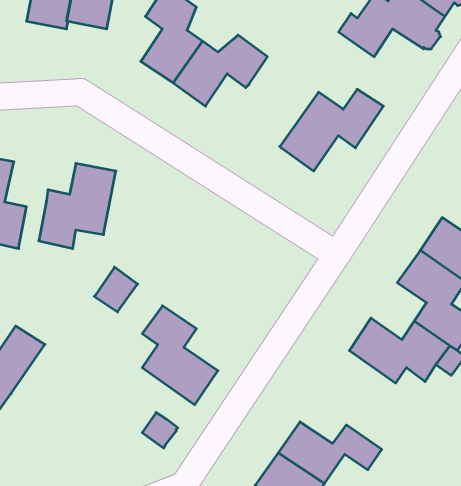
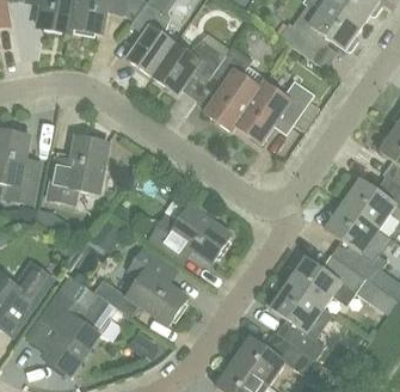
building: none -> [204,44,266,129]
building: none -> [149,206,230,261]
building: none -> [38,271,122,373]
building: none -> [267,281,325,359]

